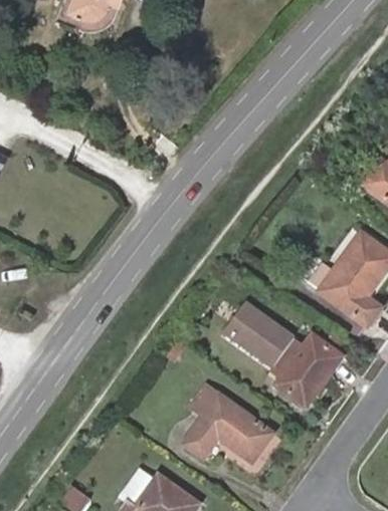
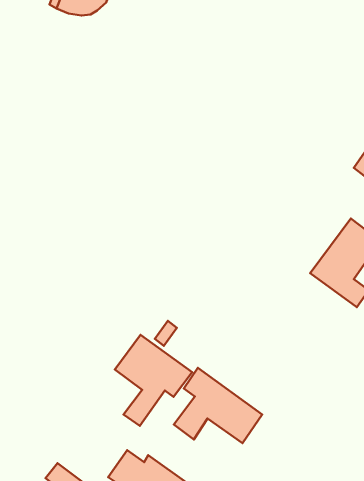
building: [225,304,342,408] -> none
building: none -> [115,335,192,426]

